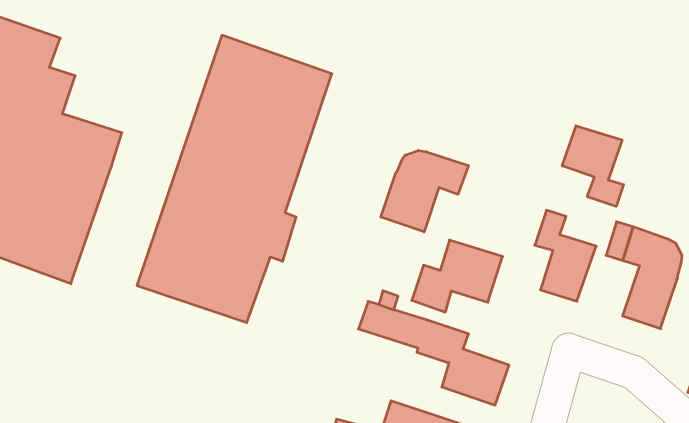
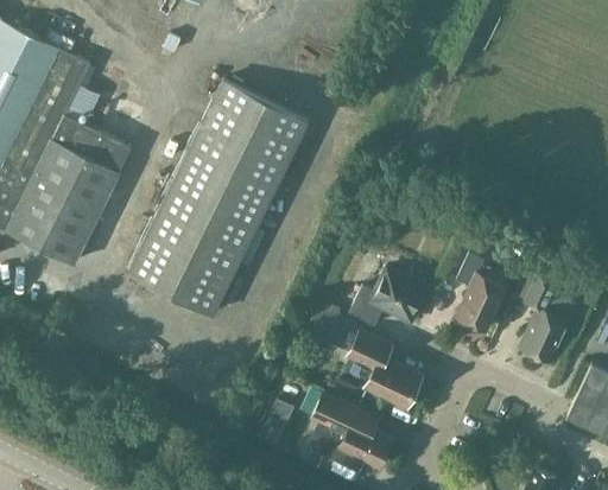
building: [562,126,624,206] -> none
building: [381,150,468,232] -> none

